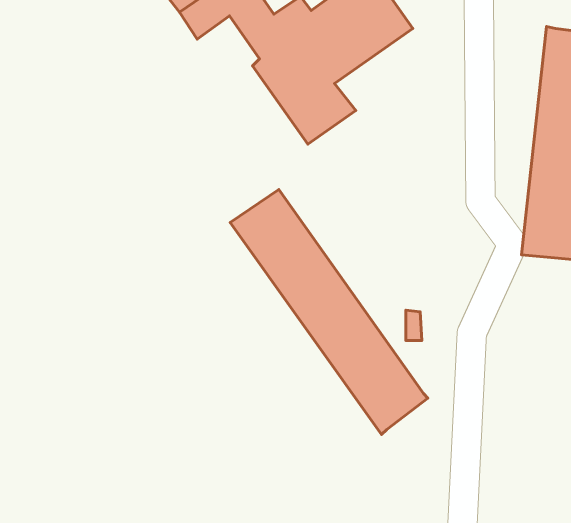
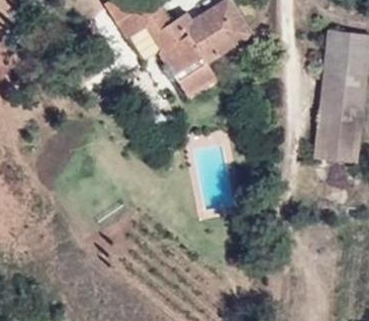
building: [230,190,428,434] -> none

